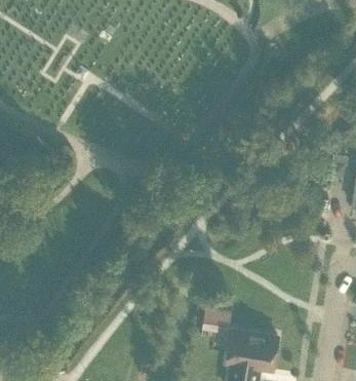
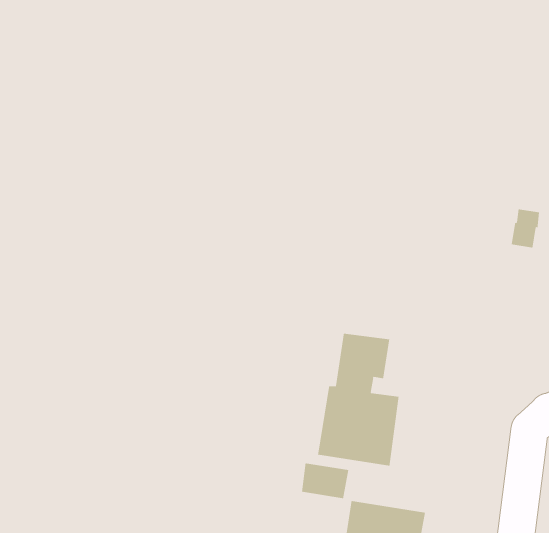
building: none -> [318,333,399,466]

